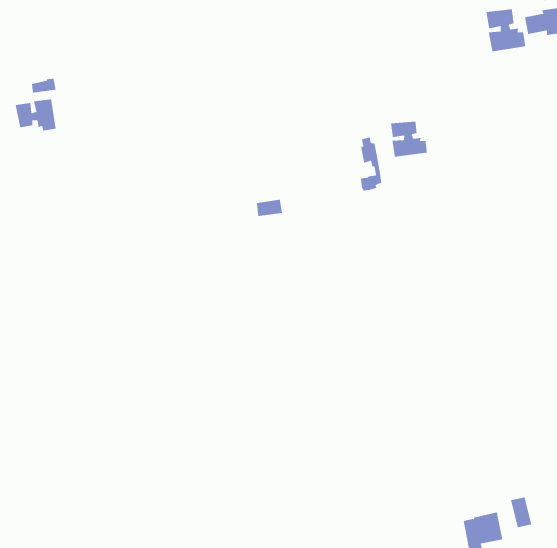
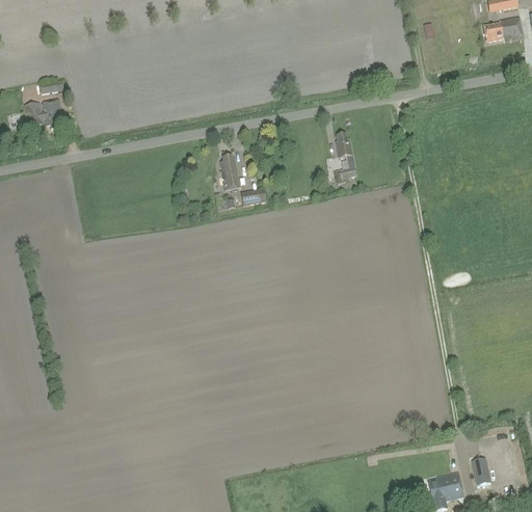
building: [486,8,526,52] -> none
building: [390,121,427,157] -> none
building: none -> [219,153,239,189]

